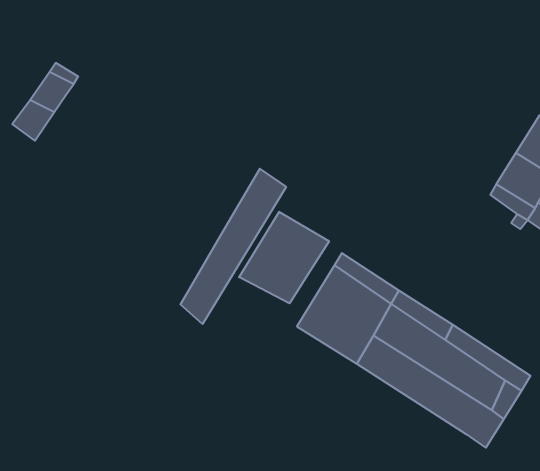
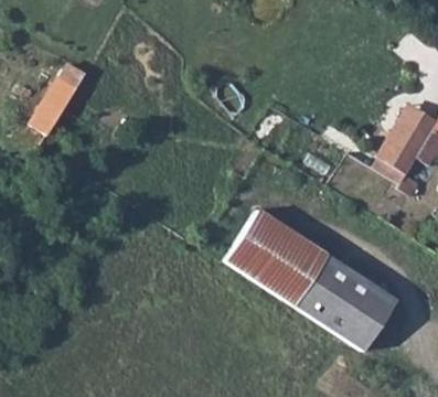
building: [181,169,286,324] -> none
building: [239,212,329,303] -> none

